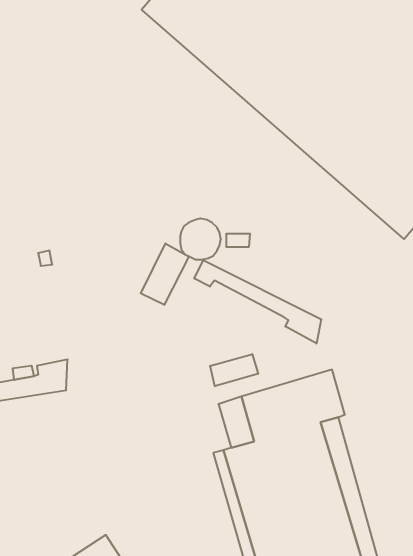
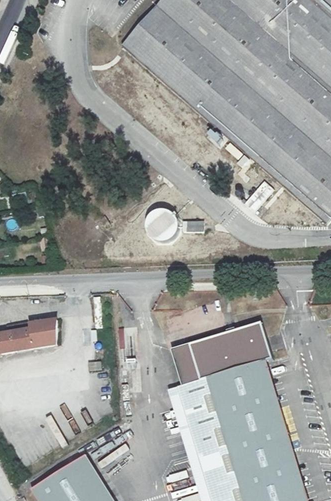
building: [141,243,189,305] -> none
building: [194,260,321,344] -> none
building: [210,354,258,386] -> none

